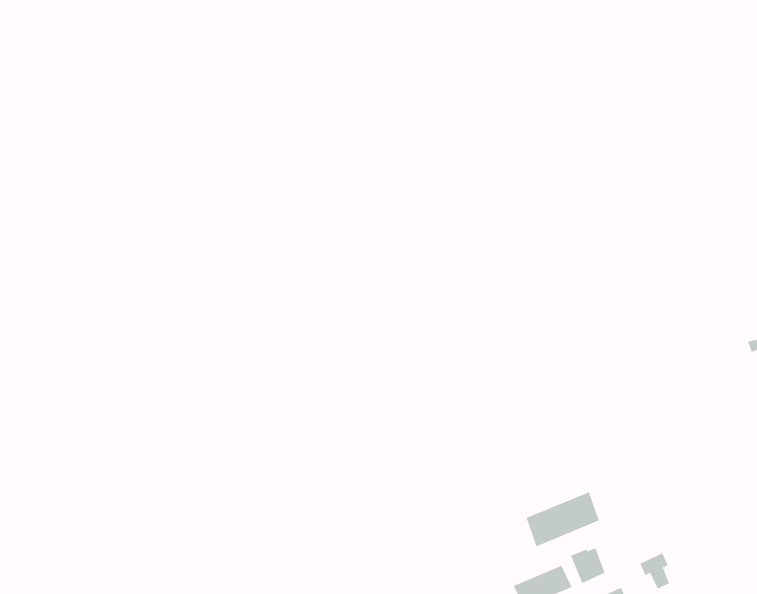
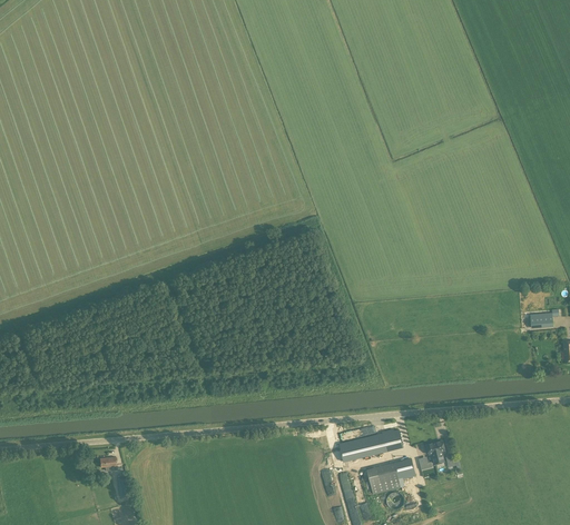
building: [526,491,600,547] -> none

